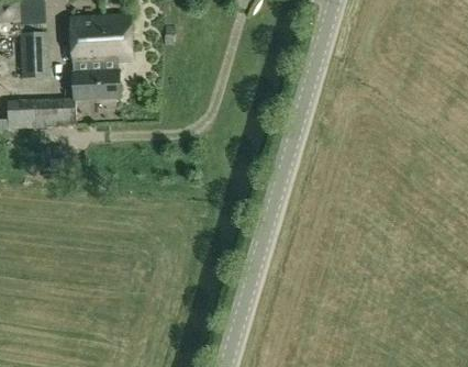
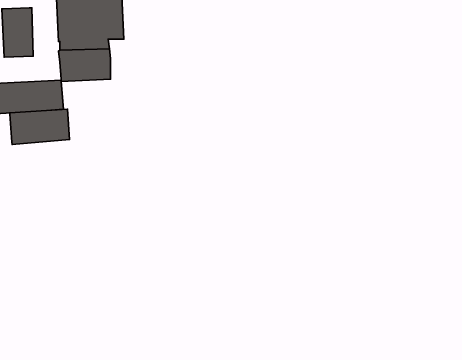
building: none -> [10,109,70,145]

